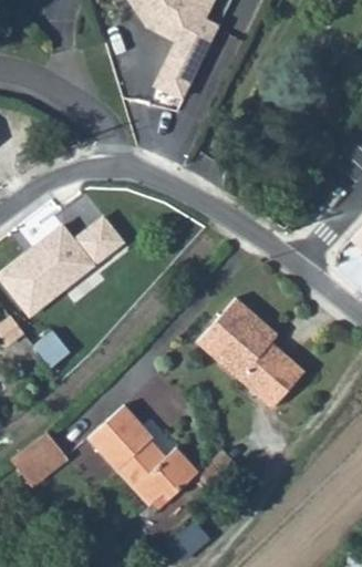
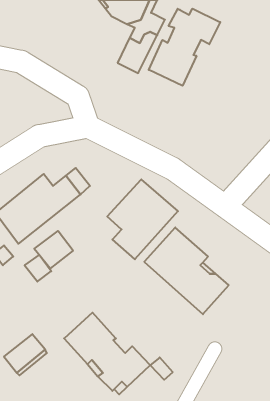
building: none -> [149,9,220,86]
building: none -> [107,179,178,259]
building: none -> [34,231,73,269]

